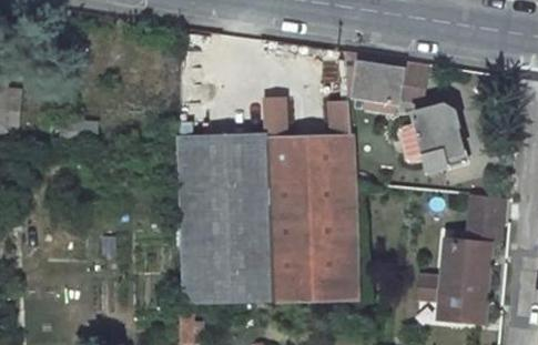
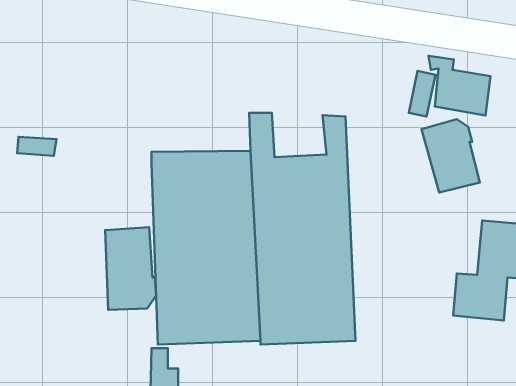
building: [348,52,403,104] -> [428,56,491,115]
building: none -> [105,227,156,310]
building: [417,276,487,321] -> none

